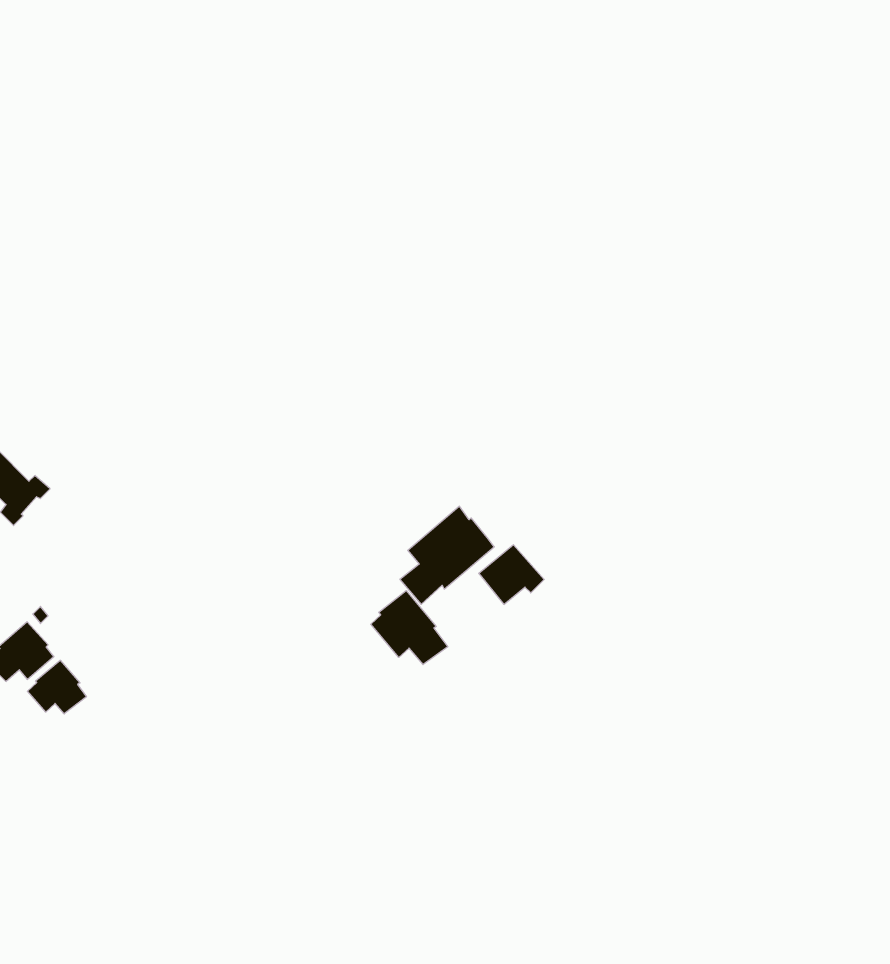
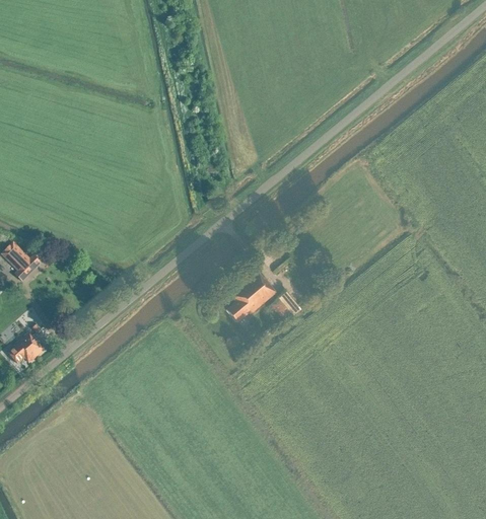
building: [371,591,448,665] -> none
building: [27,660,86,714] -> none

